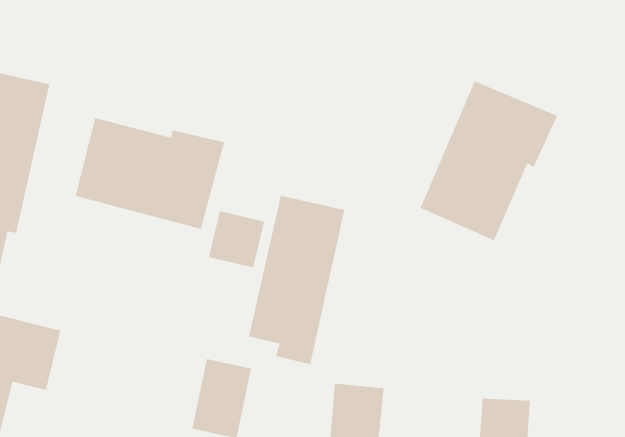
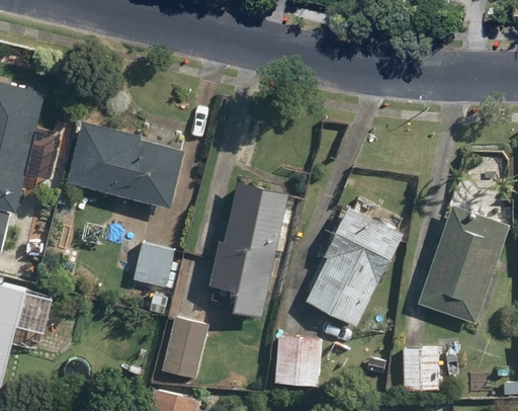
building: [420,80,558,241] -> none
building: [208,210,265,268] -> [131,242,177,290]
building: none -> [417,206,509,321]
building: none -> [305,208,400,327]

